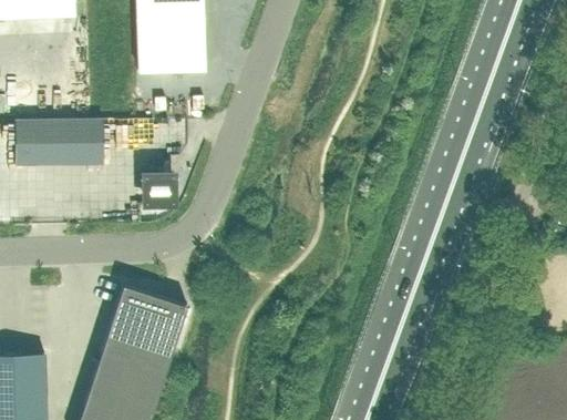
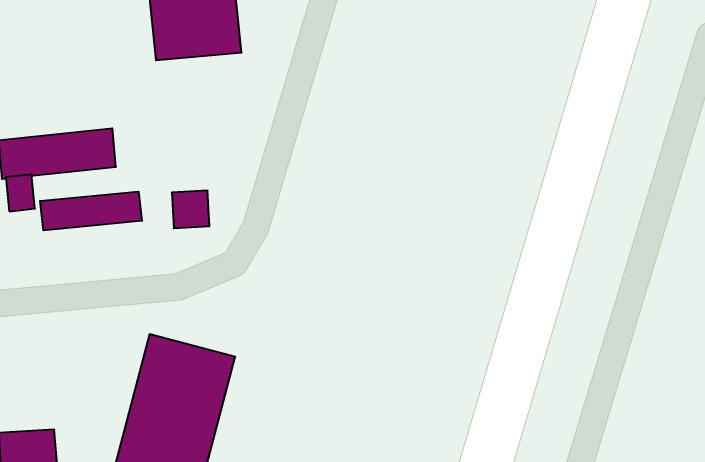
building: none -> [40,192,142,230]

